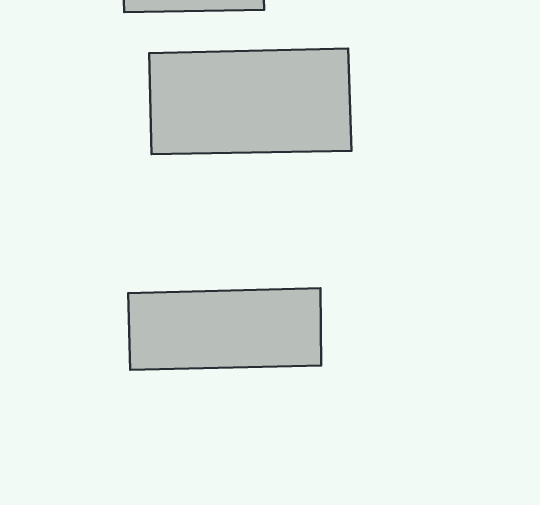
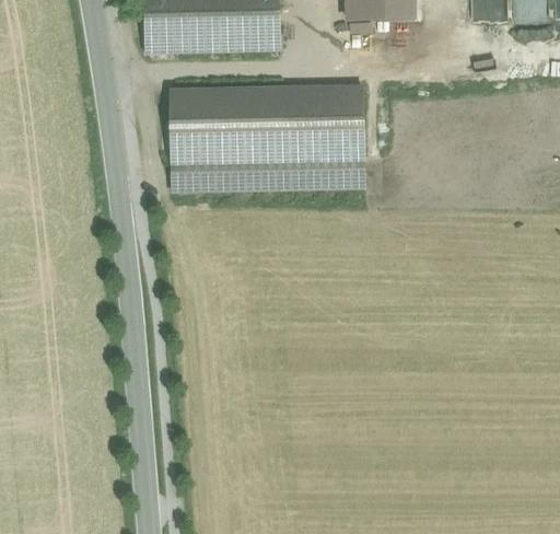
building: [128,288,321,370] -> none

